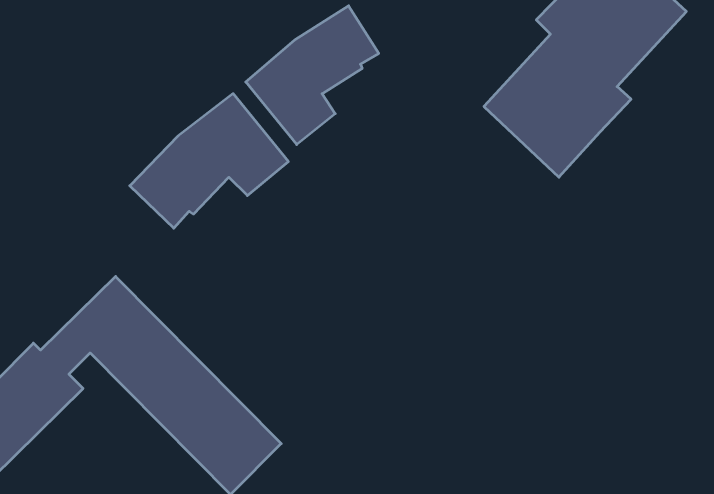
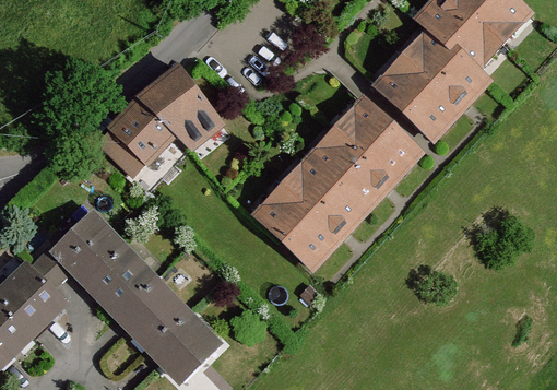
building: [246,6,379,145] -> none
building: none -> [250,97,418,268]

